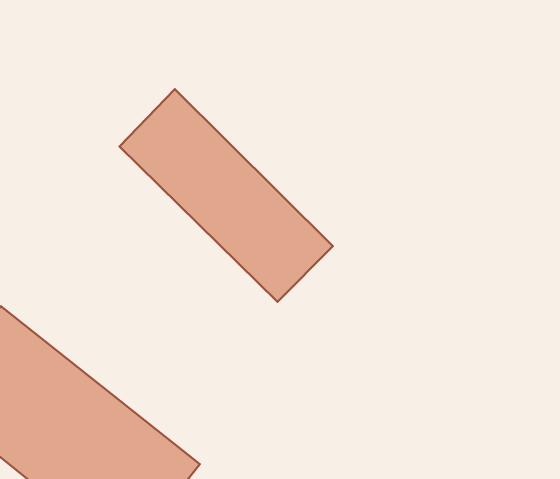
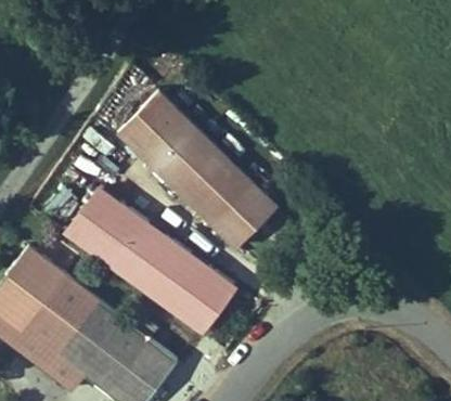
building: none -> [62,186,241,338]

